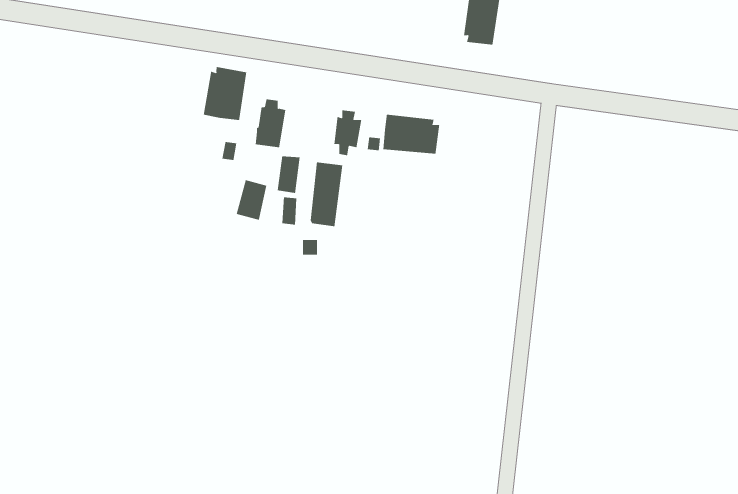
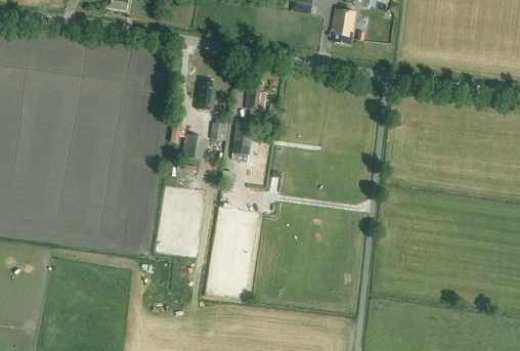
building: [203,66,247,121] -> none
building: [383,114,440,155] -> none

